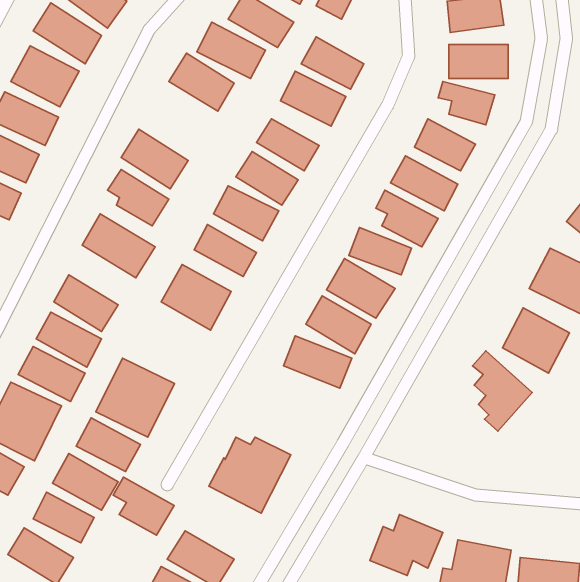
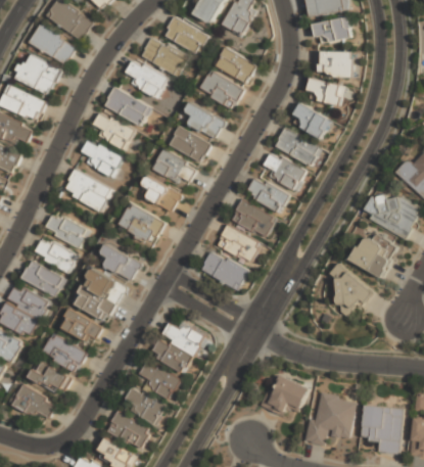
building: none -> [104,87,149,125]
building: none -> [98,243,140,280]
building: [113,477,174,535] -> [139,360,181,400]

